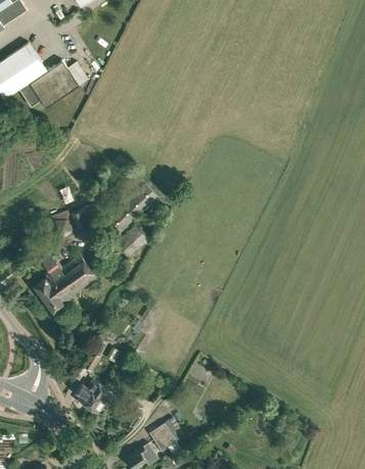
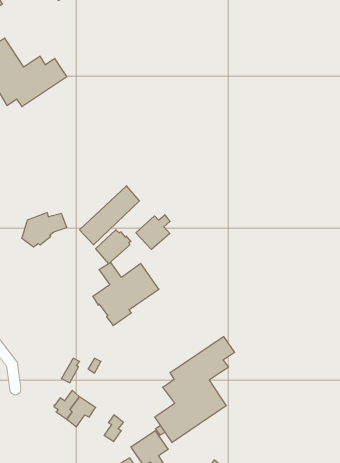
building: none -> [136,215,170,249]
building: [34,253,97,314] -> [93,262,159,326]
building: none -> [155,337,235,443]

